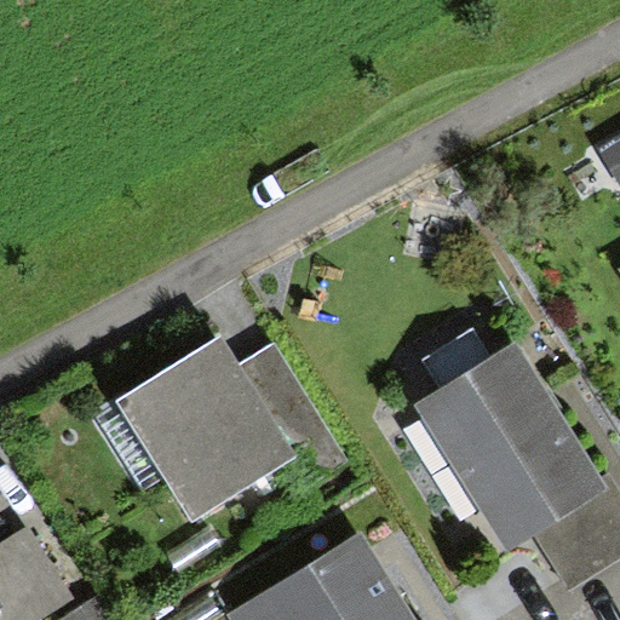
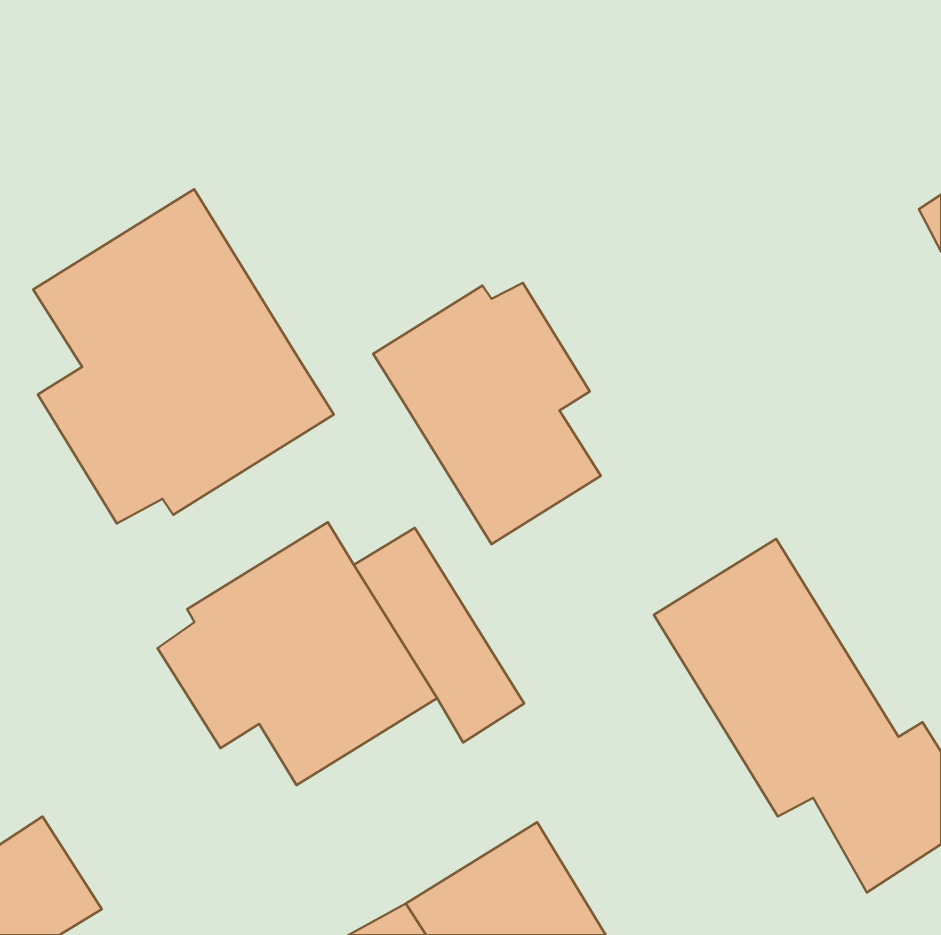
building: none -> [33,189,334,523]
building: none -> [373,283,601,544]

